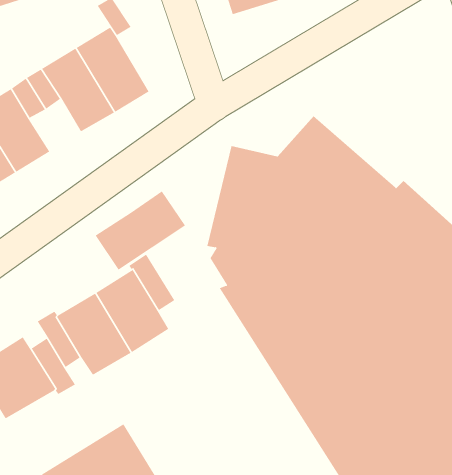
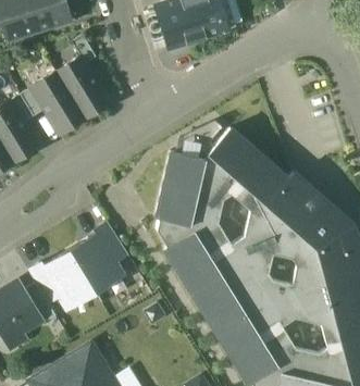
building: [95,190,186,271] -> none

